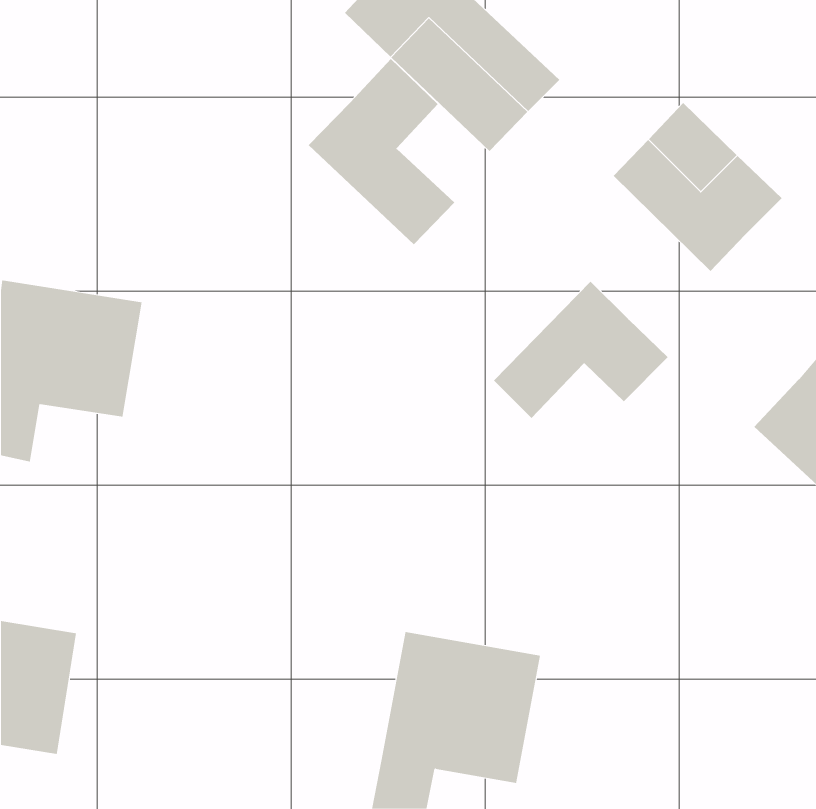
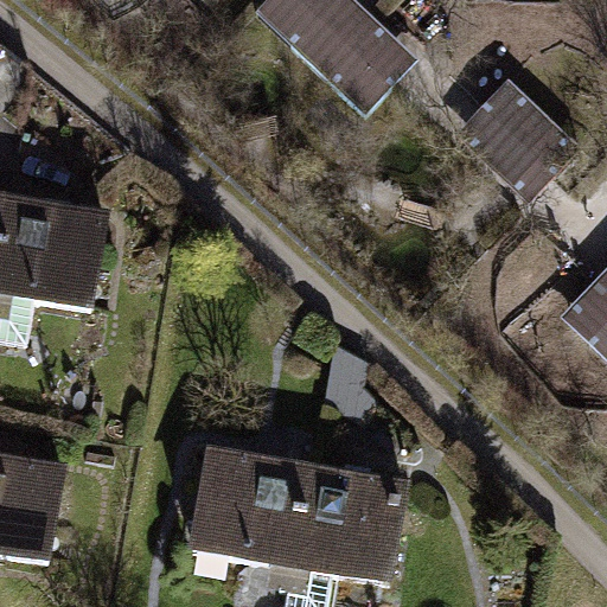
building: [308,58,455,245] -> none
building: [493,281,669,419] -> none
building: none -> [185,451,301,563]

